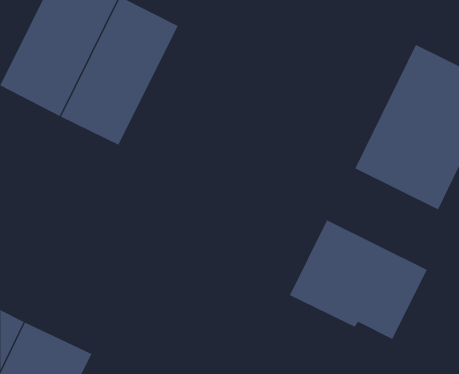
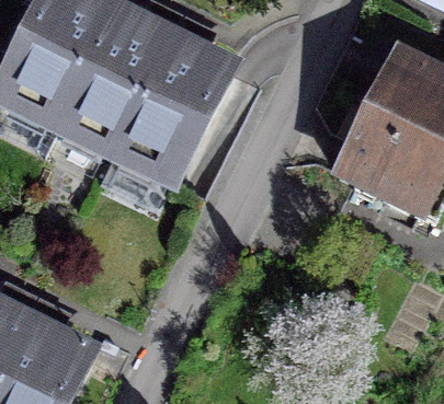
building: none -> [114,41,230,184]
building: [289,219,427,340] -> none

